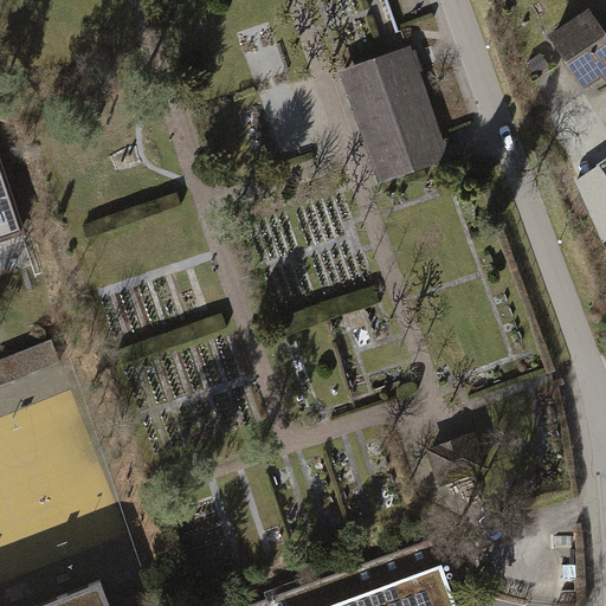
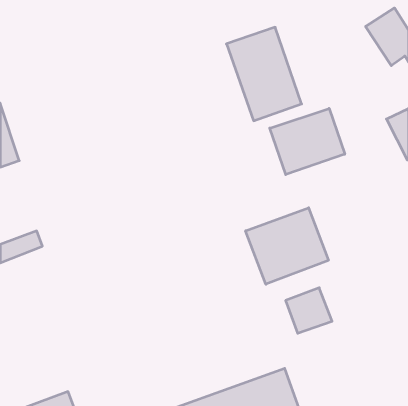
building: none -> [270,108,345,175]
building: none -> [246,208,328,284]

